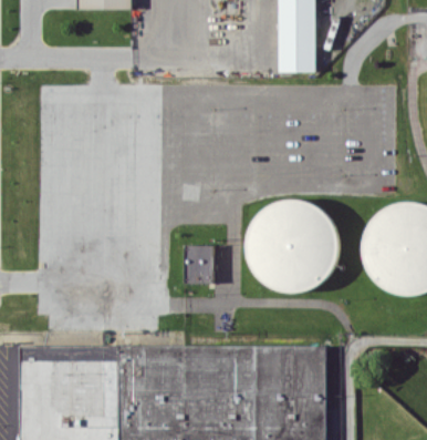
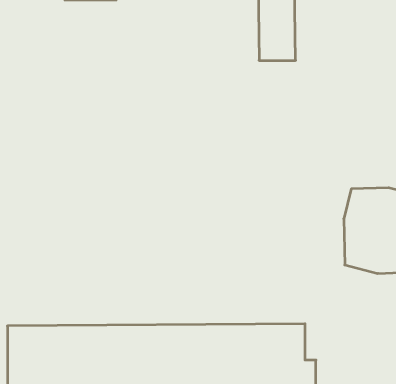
building: [247,201,340,293] -> none
building: [184,246,213,284] -> none

